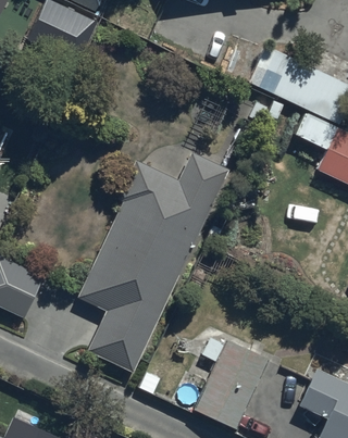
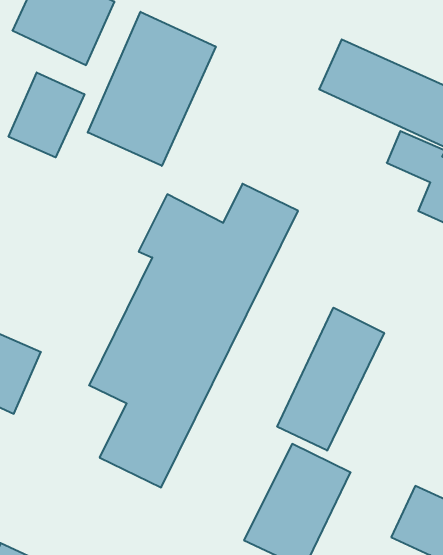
building: none -> [88,12,216,166]
building: none -> [9,72,84,157]
building: none -> [277,308,384,451]

